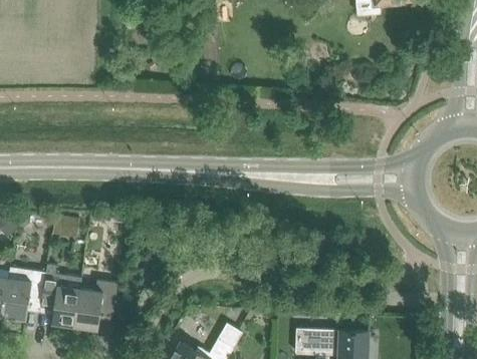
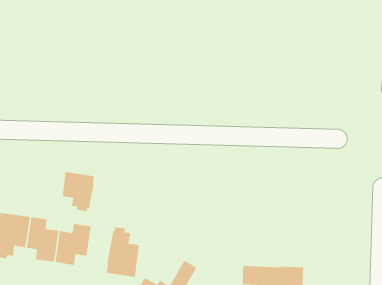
building: none -> [62,171,95,212]
building: none -> [106,226,140,278]

